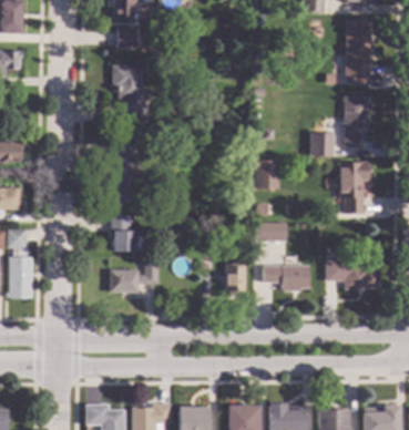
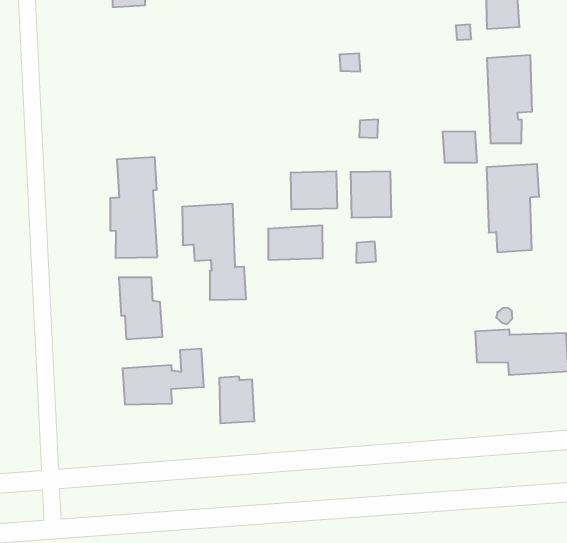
building: [112,64,149,123] -> [182,204,246,300]
building: none -> [291,171,337,210]
building: [253,221,287,240] -> [268,225,323,260]
building: [224,262,245,289] -> [219,377,255,423]
building: [264,264,309,289] -> none

